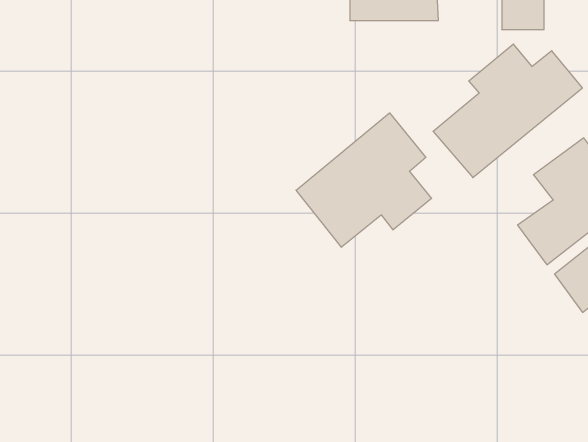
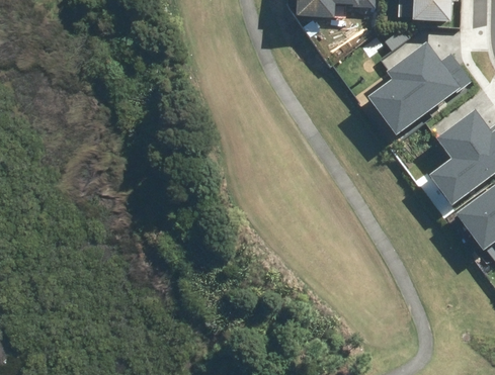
building: [296,113,432,247] -> none

